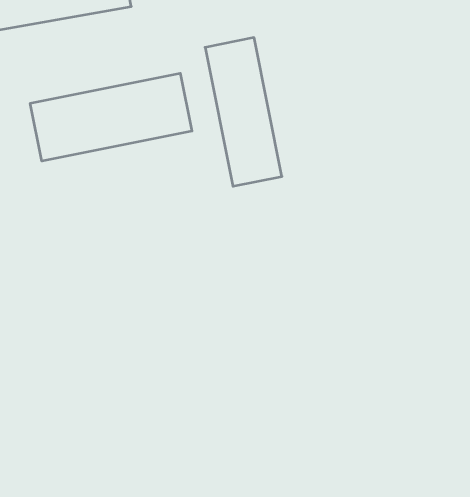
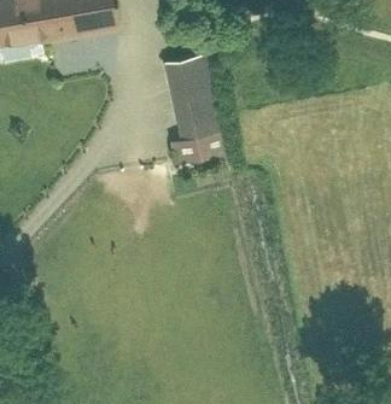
building: [30,73,192,161] -> none

